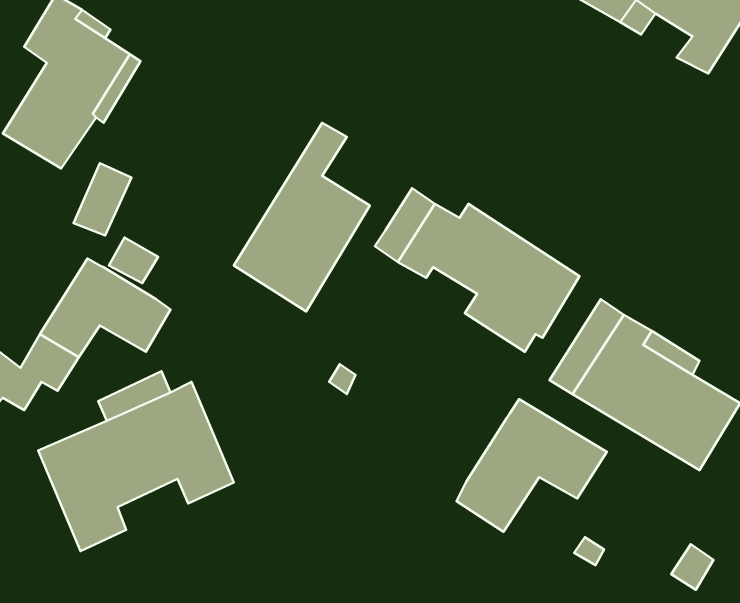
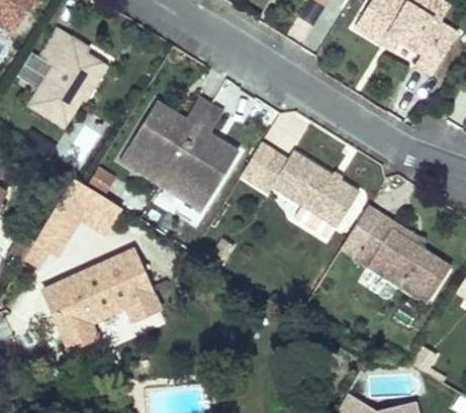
building: none -> [120,94,210,184]
building: [457,399,607,532] -> none

